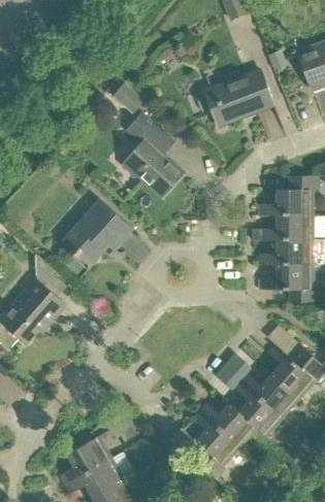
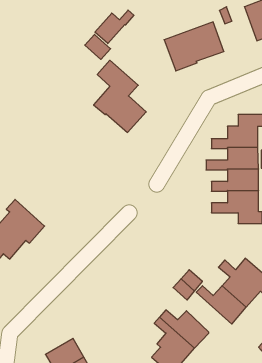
building: none -> [95,10,134,44]
building: [62,198,133,268] -> none
building: [230,380,283,436] -> none

